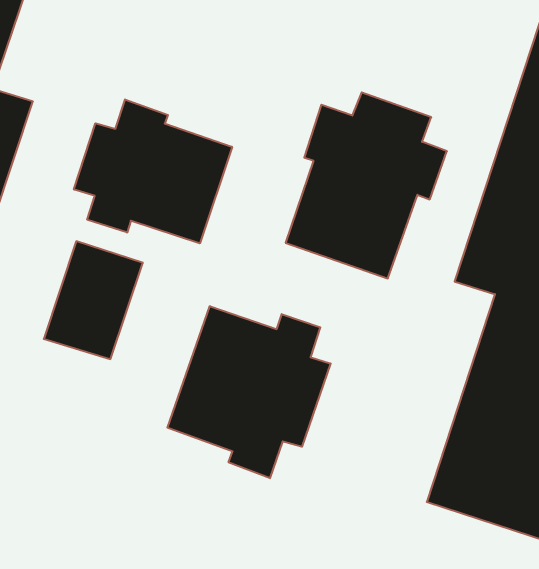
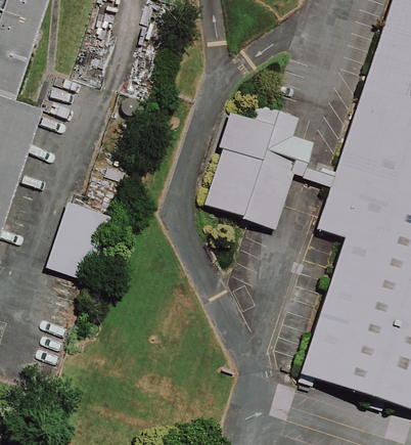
building: [74,99,232,243] -> none
building: [167,306,331,478] -> none

